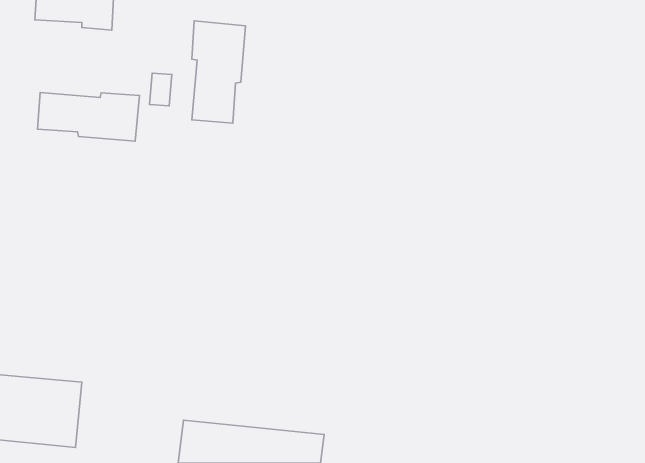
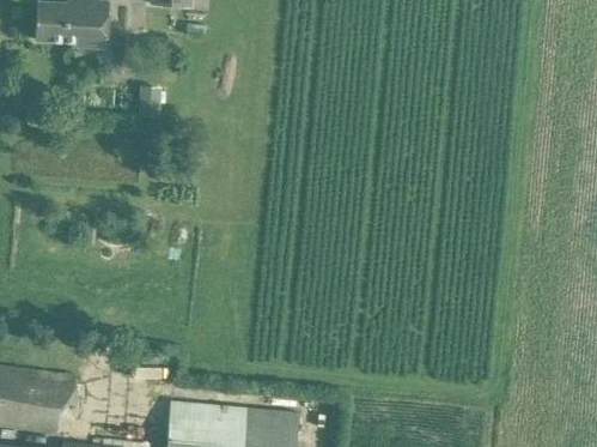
building: [192,21,246,123] -> none
building: [37,92,139,141] -> none

